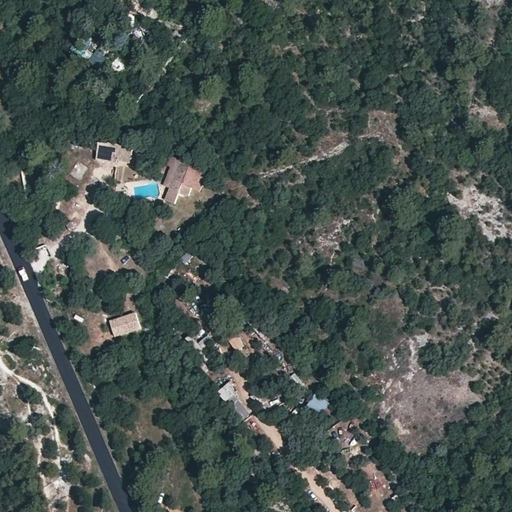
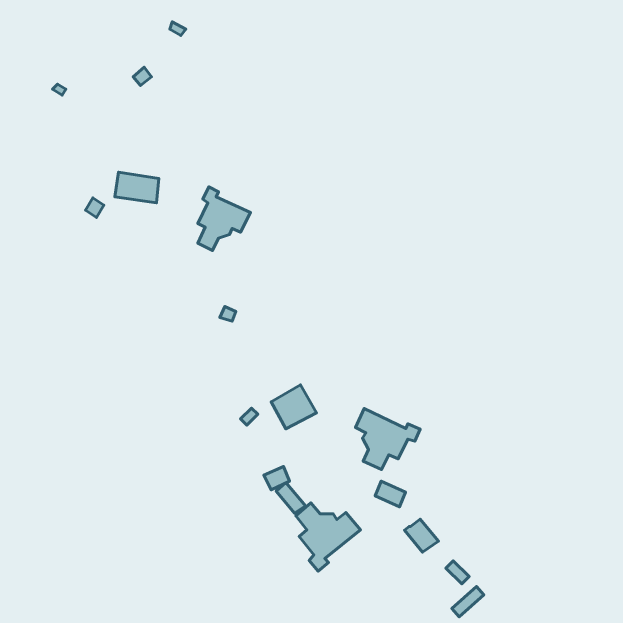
building: [108,312,140,337] -> none
building: none -> [356,409,420,470]
building: none -> [296,503,360,571]

